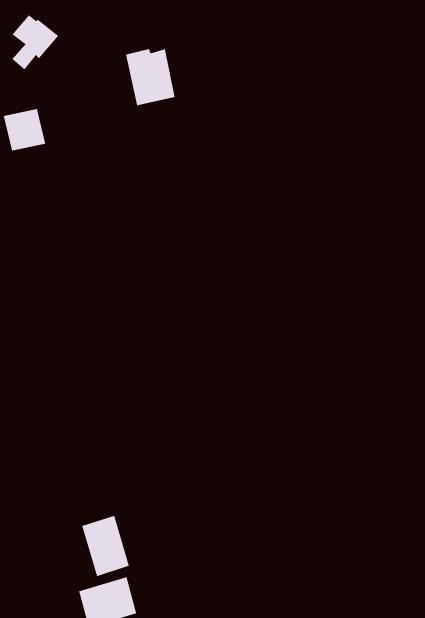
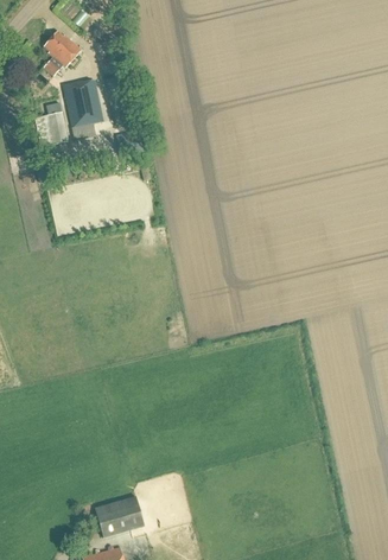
building: [125,48,176,106] -> [62,79,103,127]
building: [81,515,130,577] -> none

